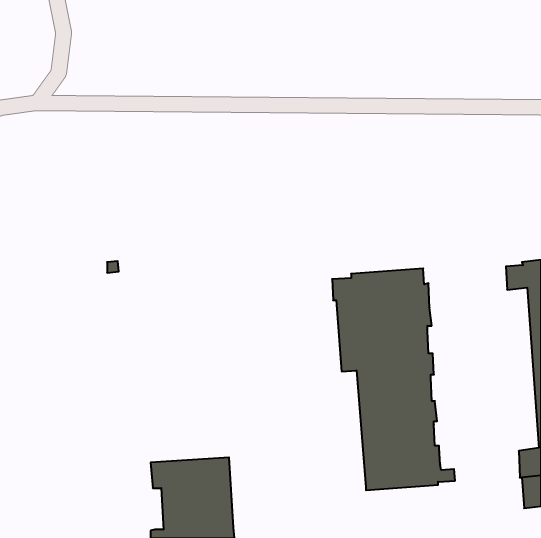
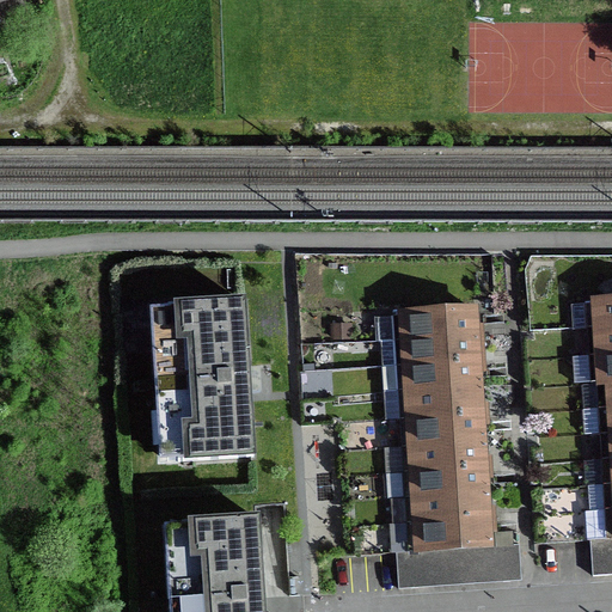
building: none -> [154,299,253,458]
building: none -> [394,541,521,587]

